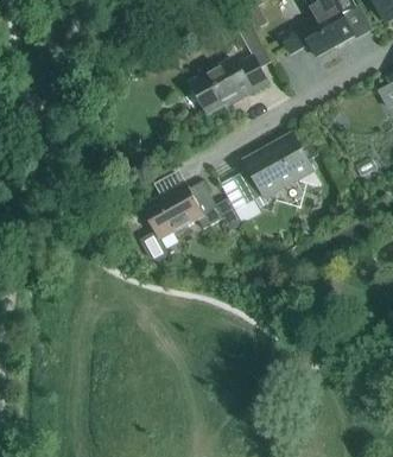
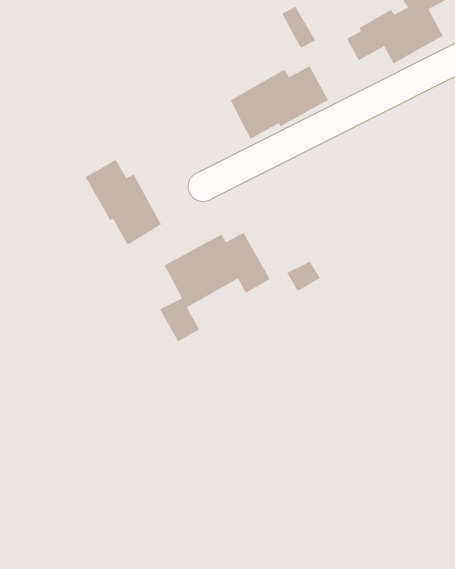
building: none -> [85,159,162,246]
building: [235,134,322,203] -> none

